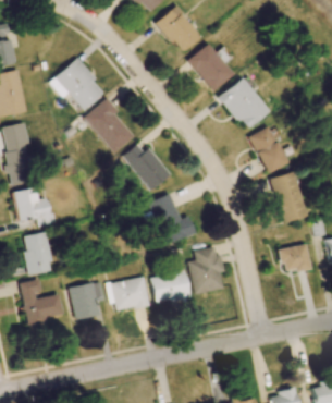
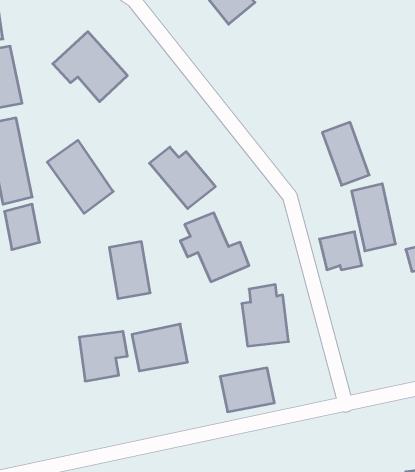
building: [186,44,233,91] -> none
building: [219,78,269,130] -> none
building: [85,99,134,154] -> [47,140,113,213]
building: [23,232,53,274] -> [109,242,150,299]
building: [279,244,310,272] -> [319,232,362,270]
building: [151,271,192,304] -> [220,368,274,412]
building: [20,279,63,329] -> none

